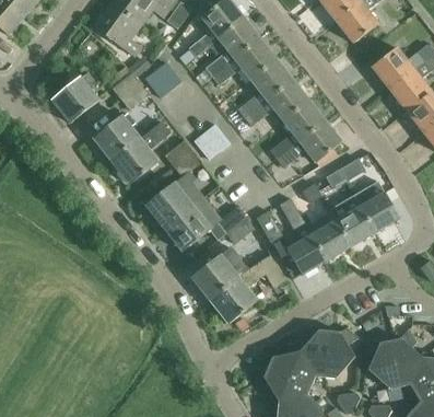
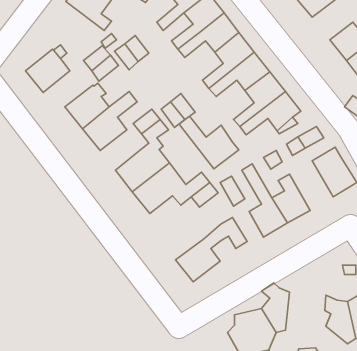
building: none -> [179,116,239,169]
building: [329,195,375,247] -> none
building: [191,252,238,300] -> none
building: [325,327,357,379] -> none

